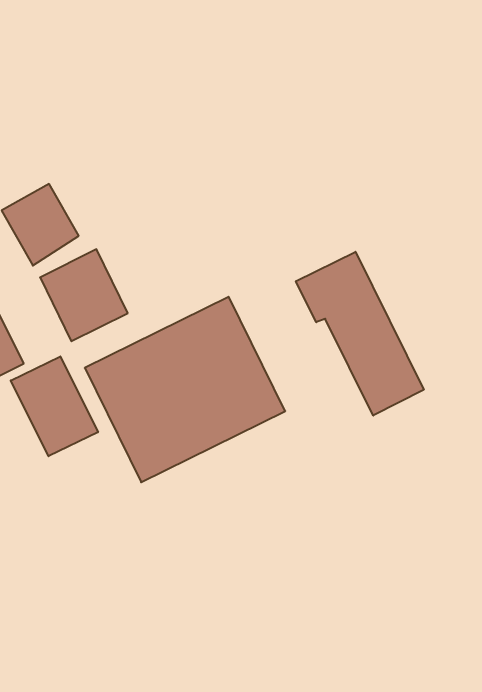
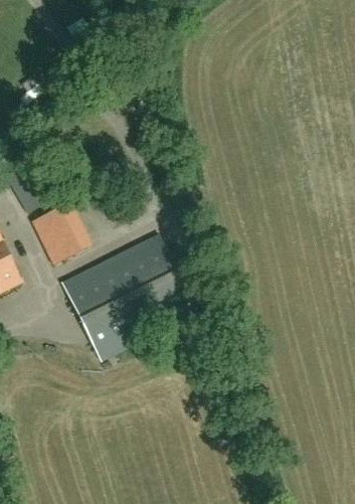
building: [296,252,424,416] -> none
building: [11,356,98,456] -> none

